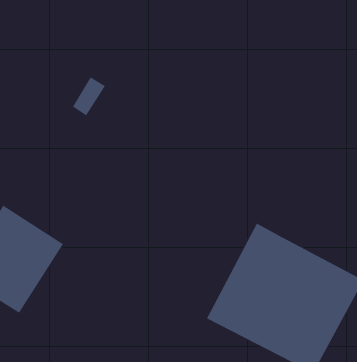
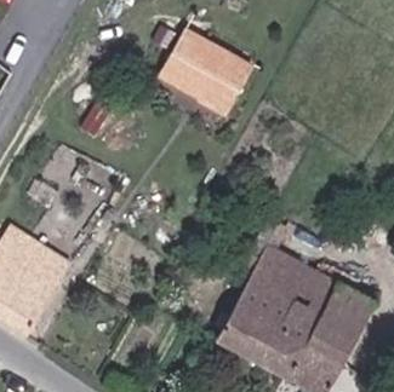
building: none -> [158,29,253,115]

